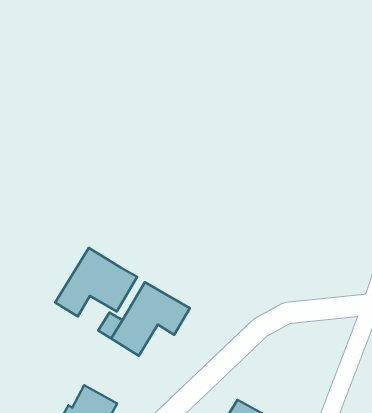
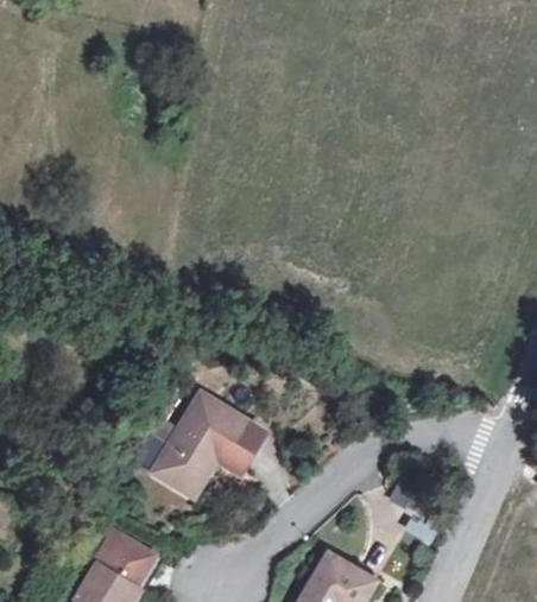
building: [55,248,137,317] -> none

